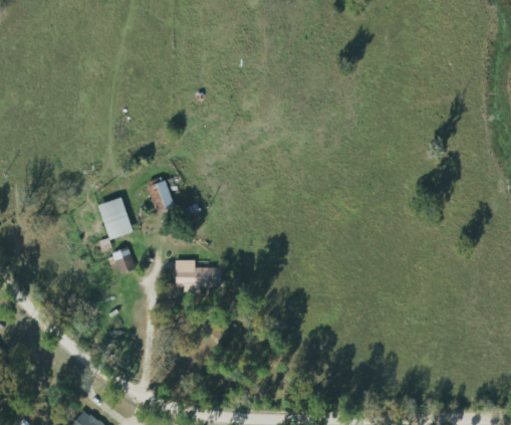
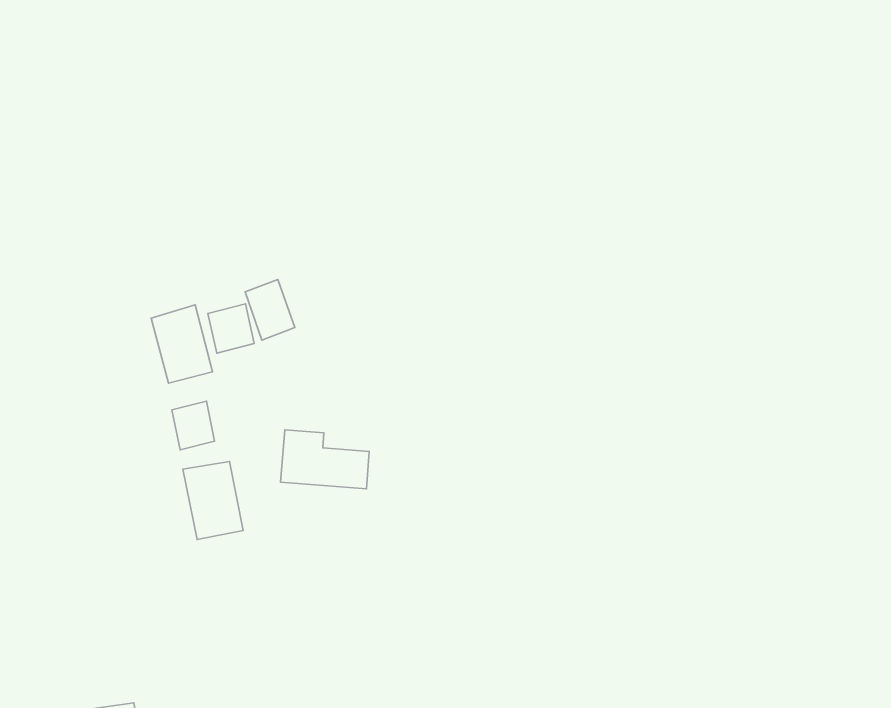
building: none -> [208,304,254,353]
building: none -> [183,462,243,540]

